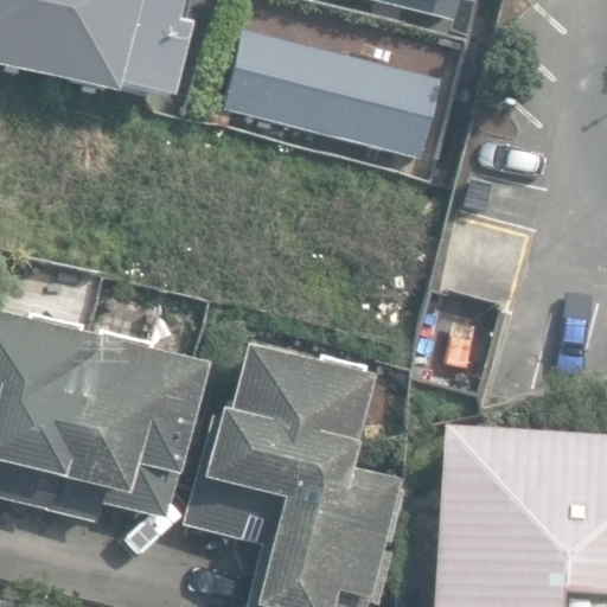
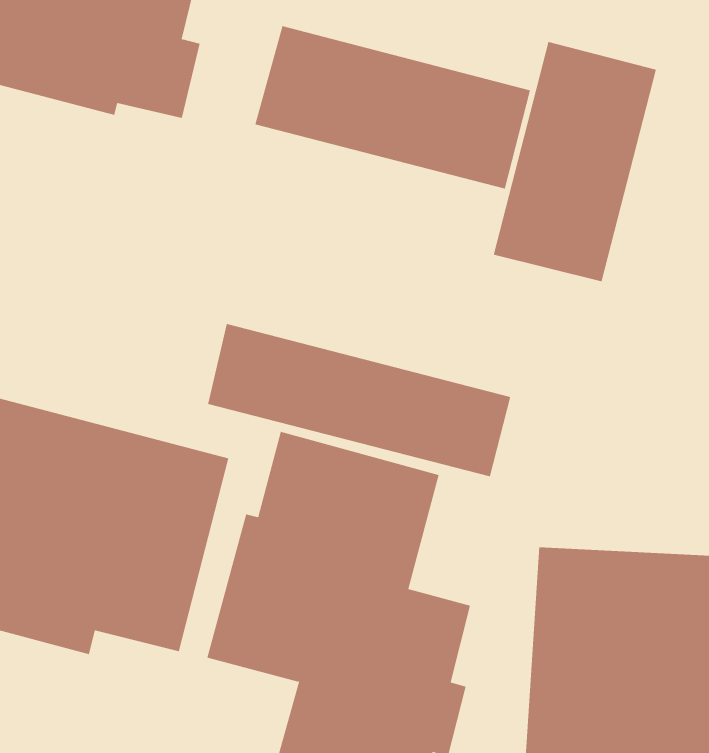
building: none -> [493,41,656,282]
building: none -> [207,323,511,477]

